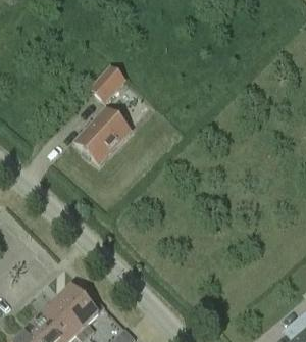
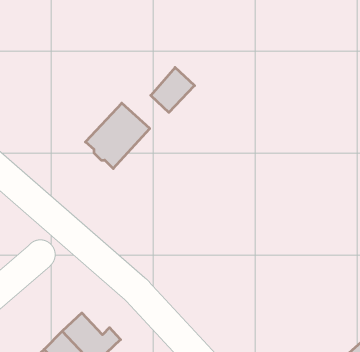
building: [89,64,125,102] -> [151,67,195,112]

